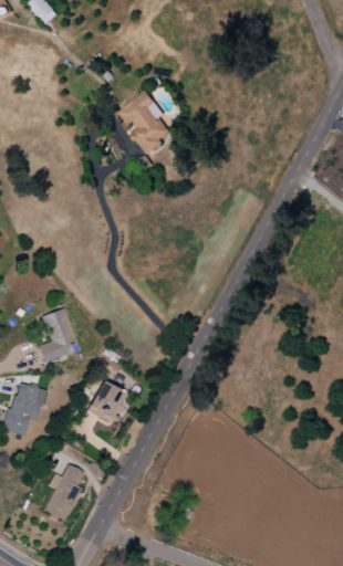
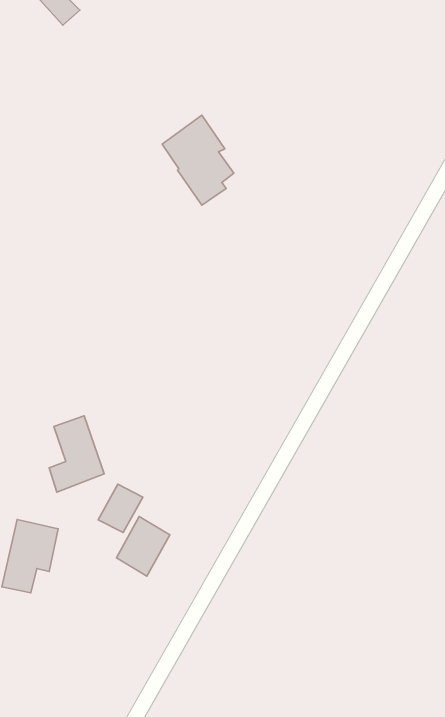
building: none -> [98,484,143,532]
building: [42,464,83,521] -> none

